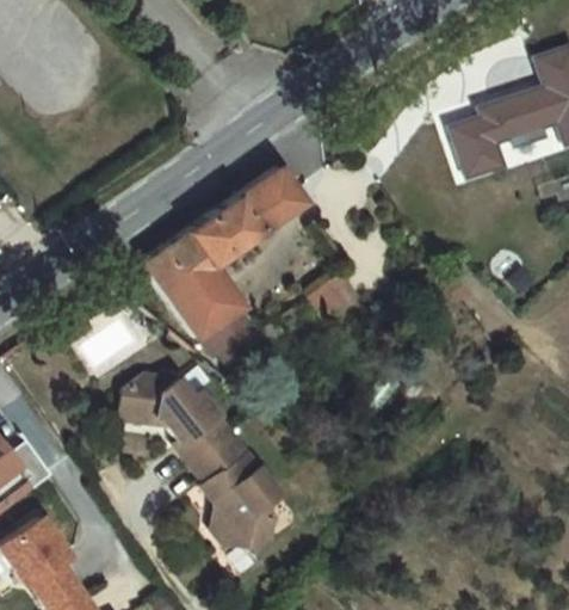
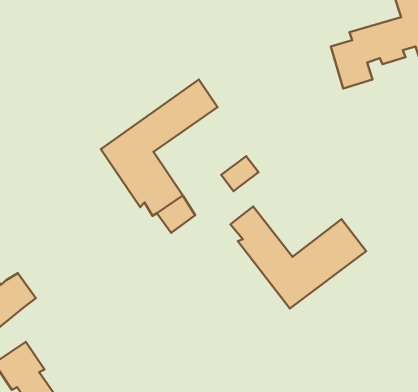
building: none -> [231,206,366,308]
building: [120,377,280,547] -> none

